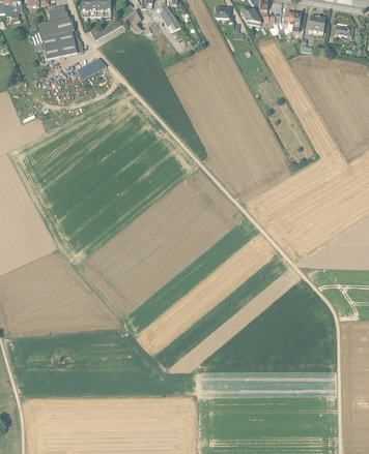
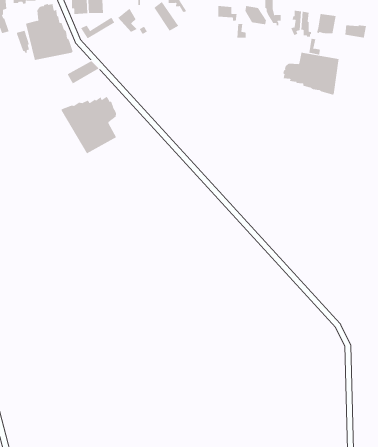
building: none -> [283,52,339,95]
building: none -> [61,96,117,154]

